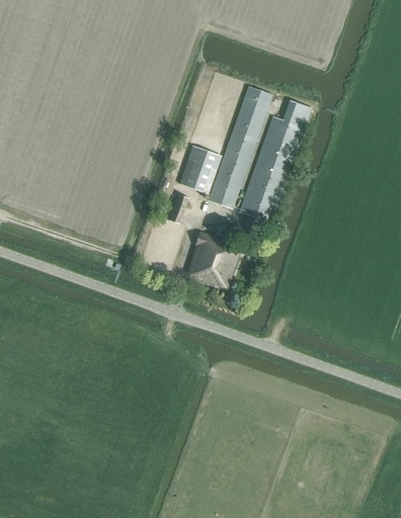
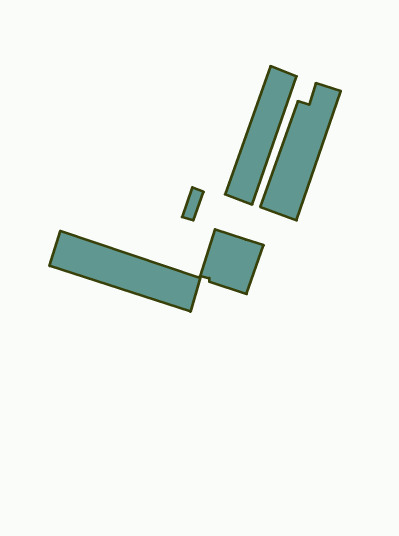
building: [179,145,221,193] -> none
building: none -> [50,231,200,312]

